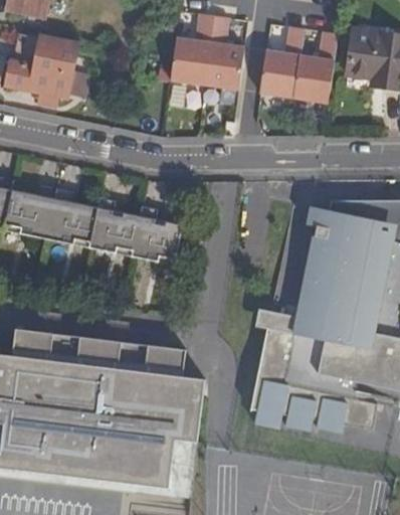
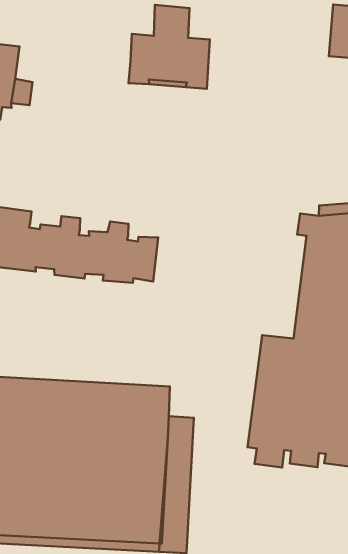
building: [258,28,339,102] -> none

